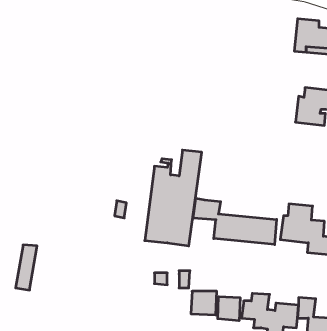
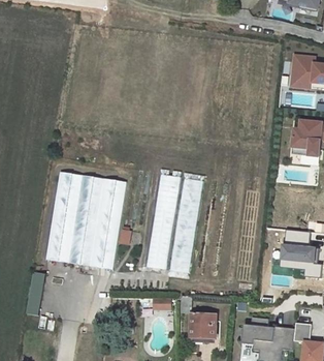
building: none -> [44,170,125,268]
building: [193,198,277,245] -> none
building: [218,297,240,321] -> none

